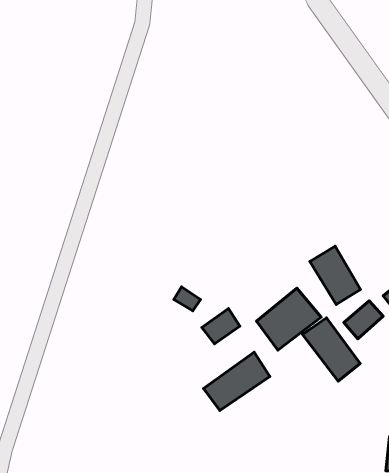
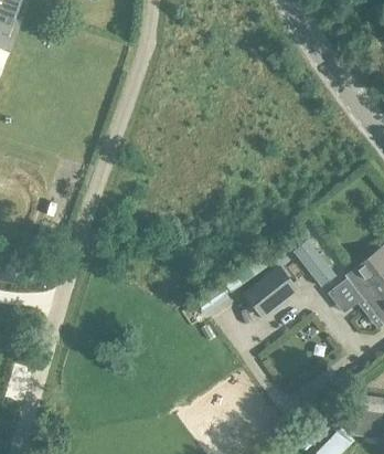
building: [302,318,360,381] -> none
building: [203,352,270,411] -> none

